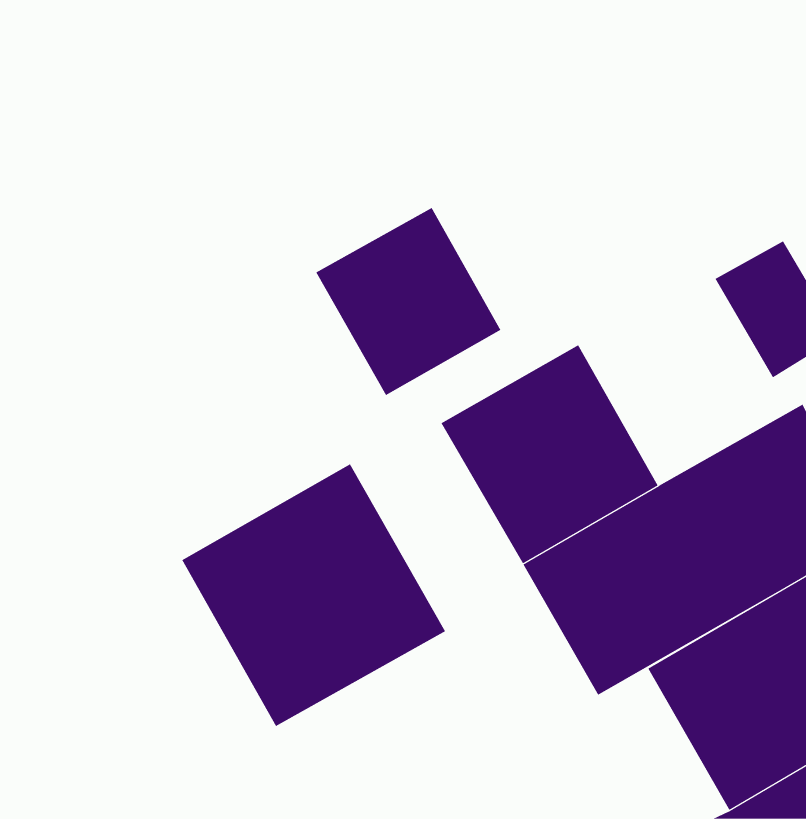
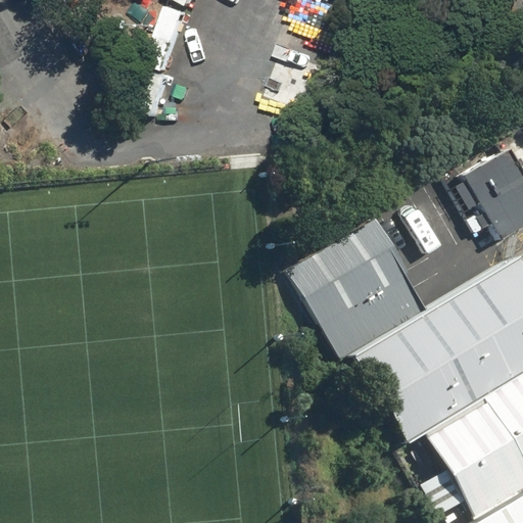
building: [315,207,501,396] -> none
building: [182,463,446,727] -> none

